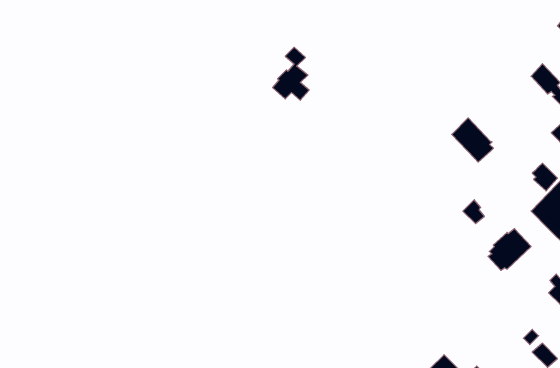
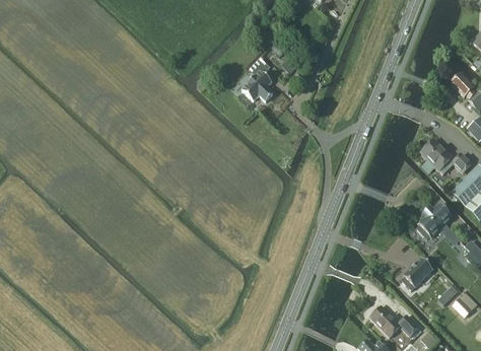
building: [452,118,493,162] -> [422,139,456,174]
building: none -> [404,259,434,290]

